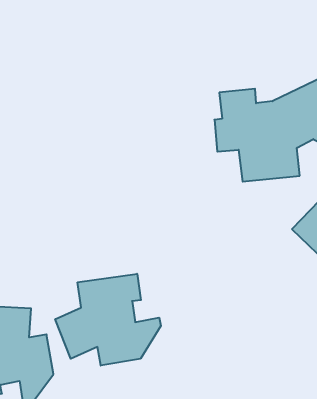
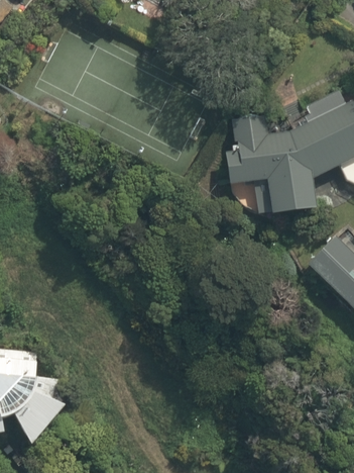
building: [55,274,161,366] -> none

